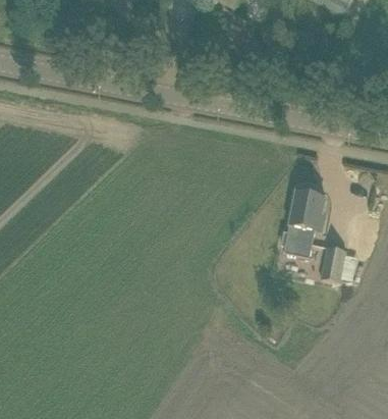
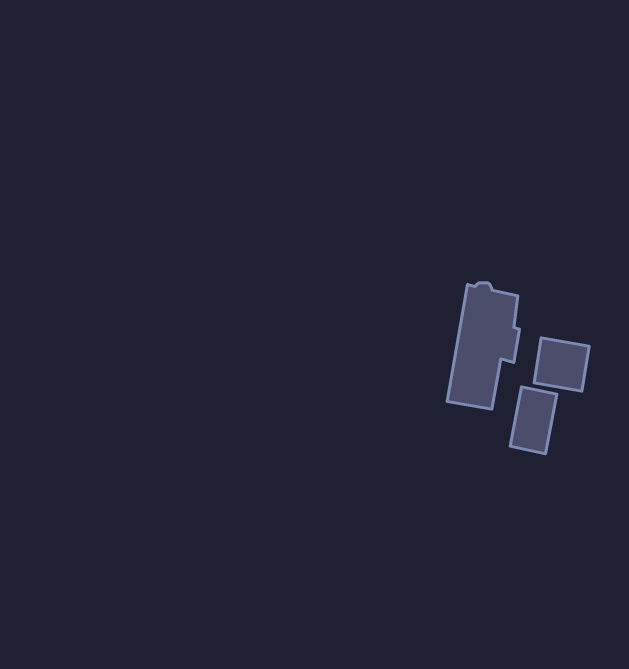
building: none -> [534,338,589,391]

